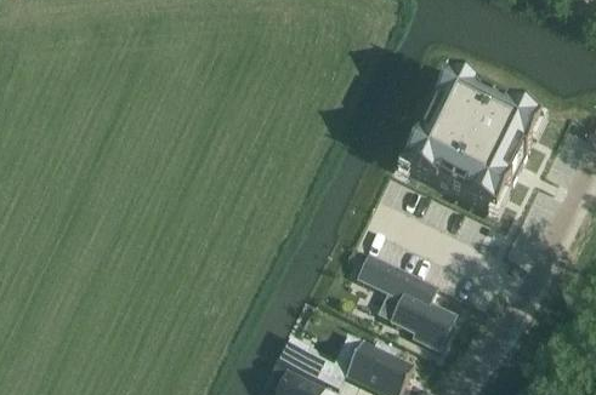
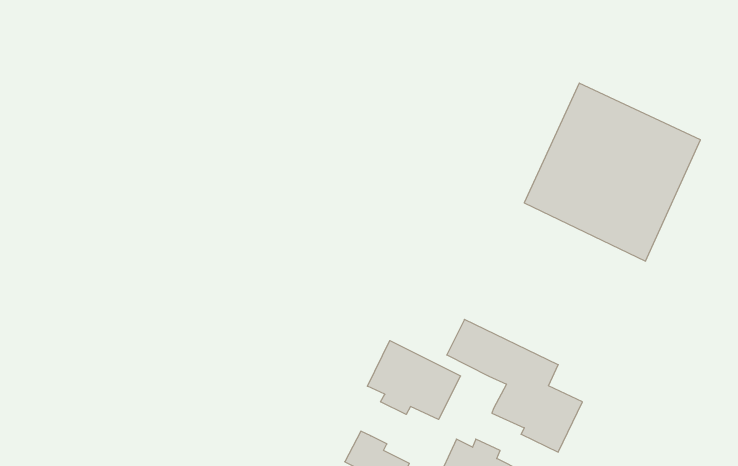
building: none -> [367,341,461,419]

